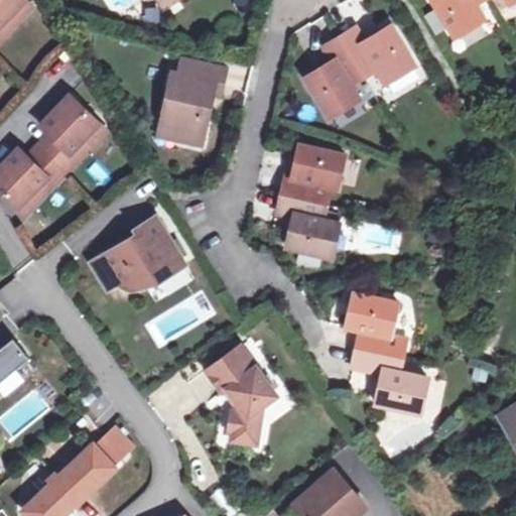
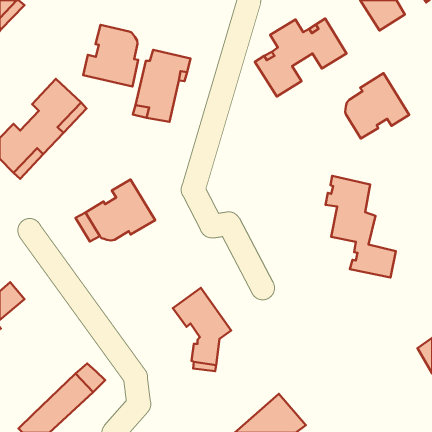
building: none -> [83,25,138,86]
building: none -> [345,73,409,138]
building: [273,143,344,260] -> none
building: [348,292,431,413] -> [325,176,396,278]

